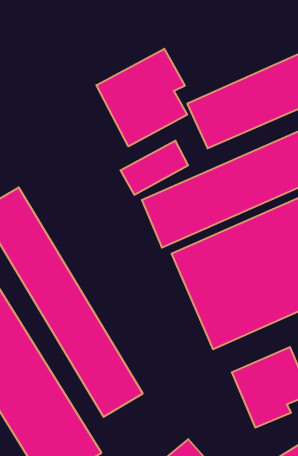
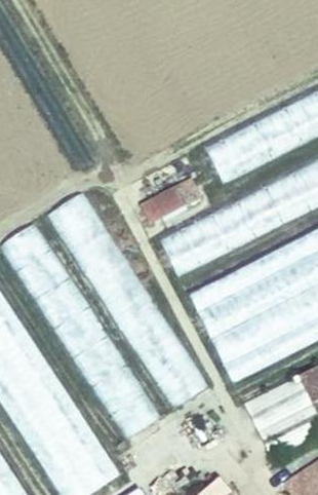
building: [96,49,187,146] -> none
building: none -> [50,191,205,413]

